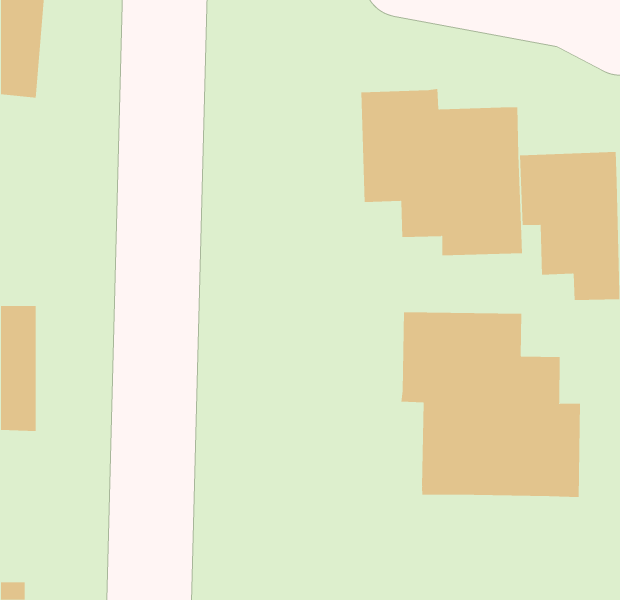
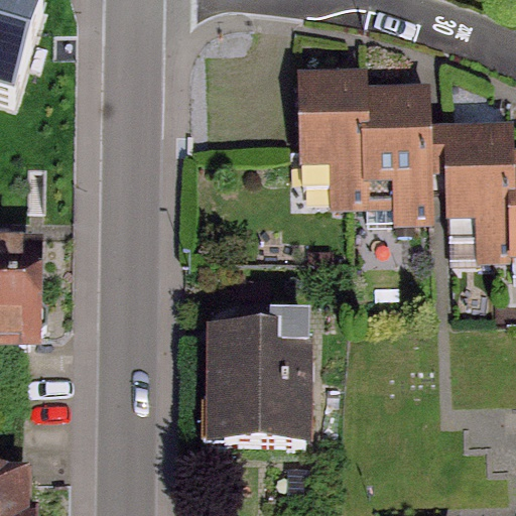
building: [401,311,580,498] -> none
building: none -> [207,328,311,454]

